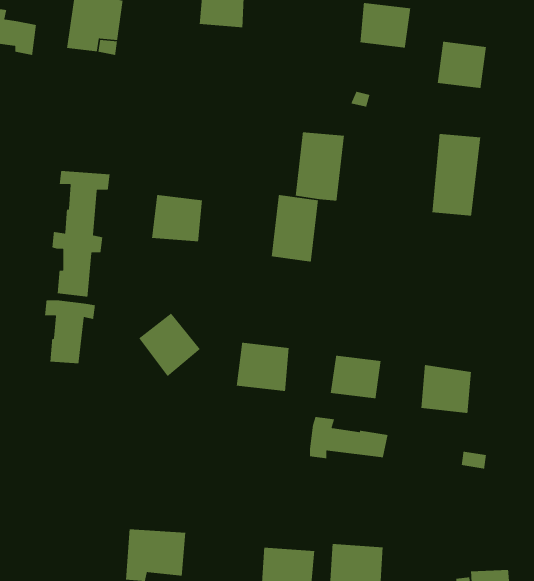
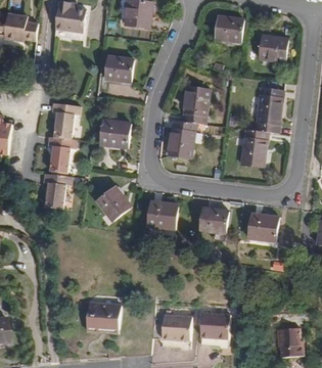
building: none -> [103,54,132,81]
building: none -> [239,127,268,165]
building: [309,416,389,459] -> none

